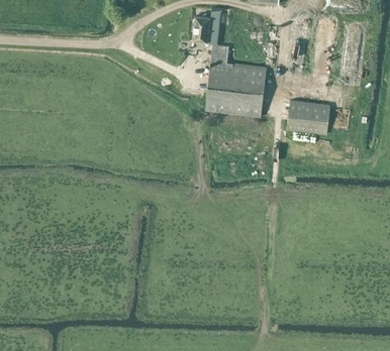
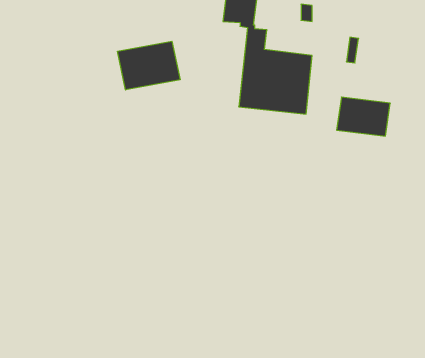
building: none -> [118,41,180,90]

